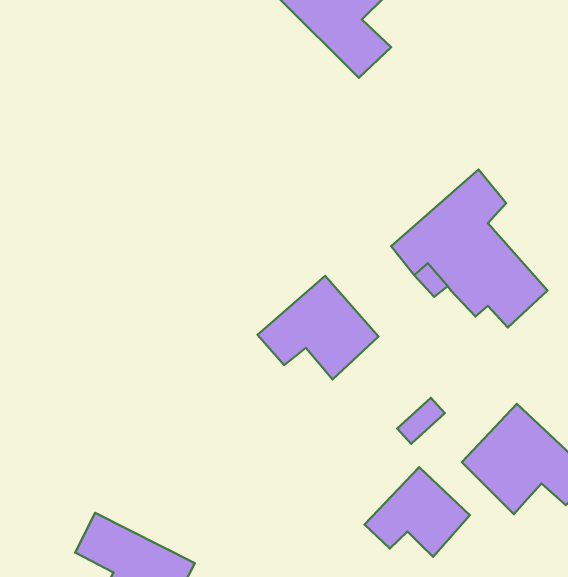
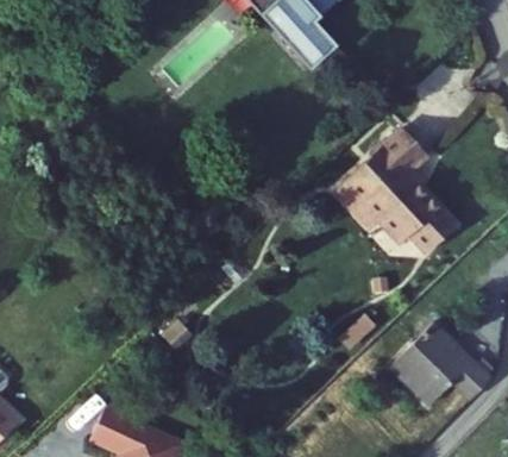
building: [257,276,379,380] -> none
building: [364,467,470,557] -> none

